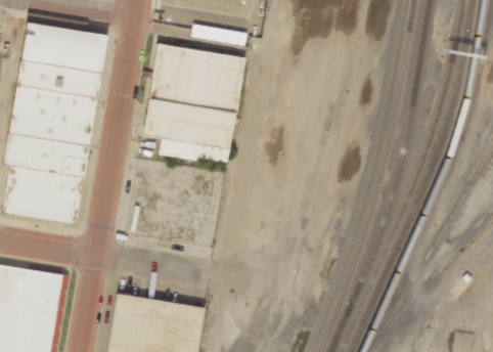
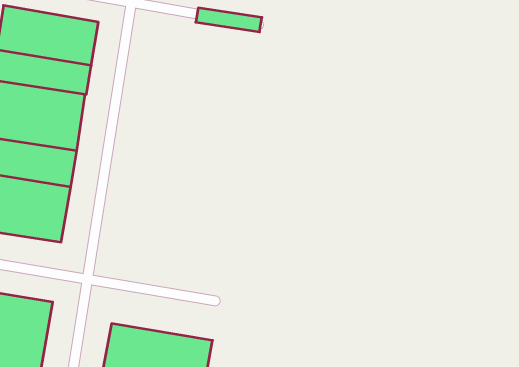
building: [141,46,241,163] -> none

